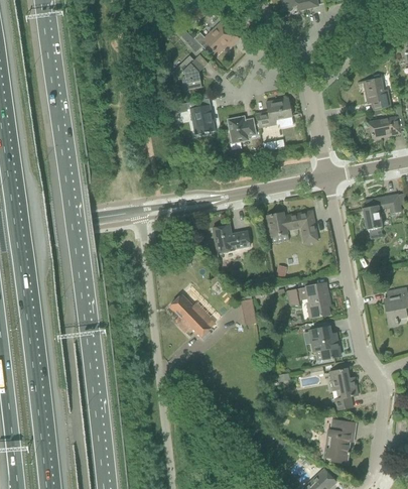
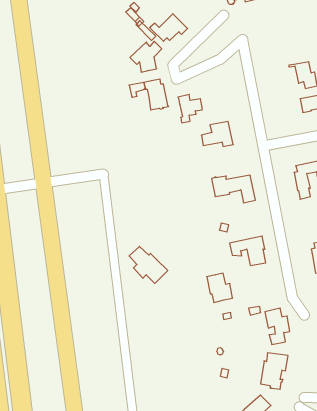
building: [256,98,293,127] -> [201,121,233,146]
building: [213,224,250,252] -> none
building: [309,326,339,360] -> [207,273,233,302]

